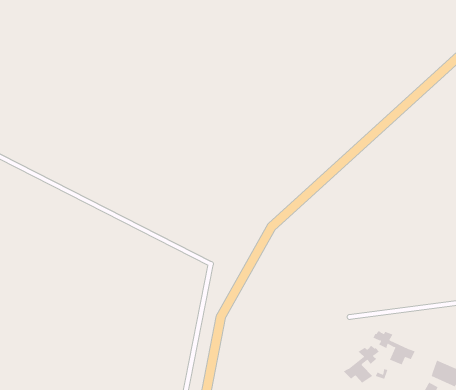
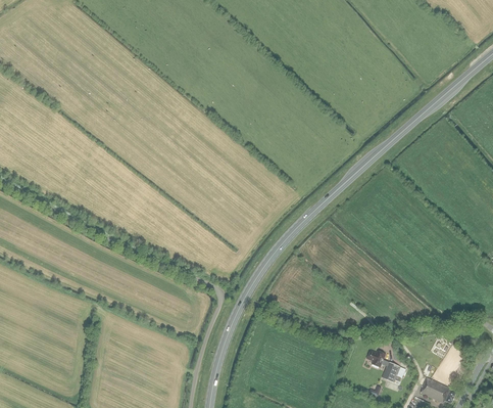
building: [343,345,380,384] -> none

